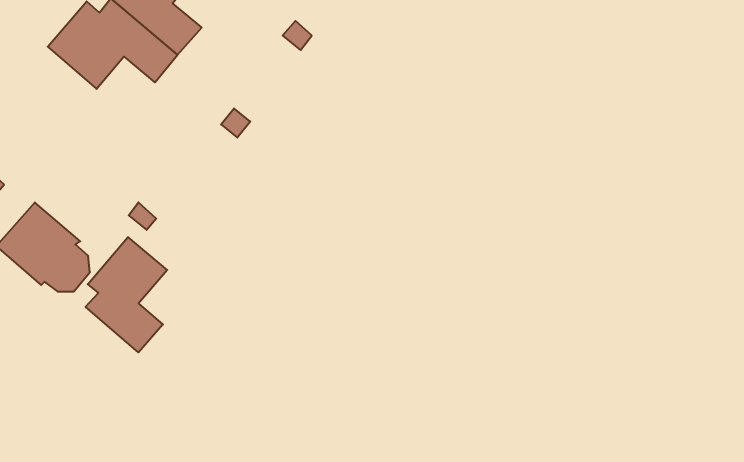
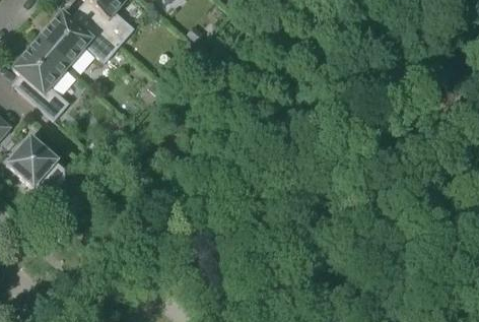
building: none -> [12,40,69,120]
building: [86,237,167,352] -> none

